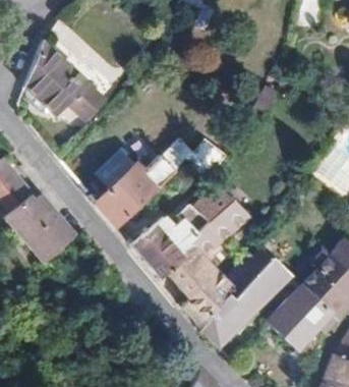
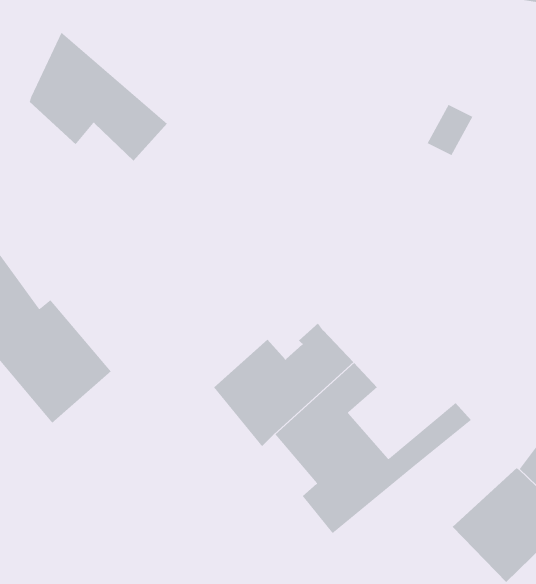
building: [96,140,236,225] -> none
building: [193,186,237,229] -> none
building: [198,262,292,343] -> none

